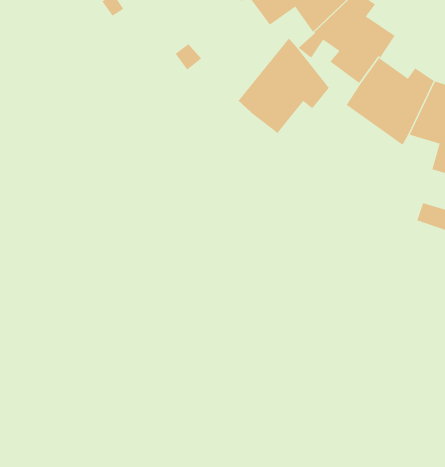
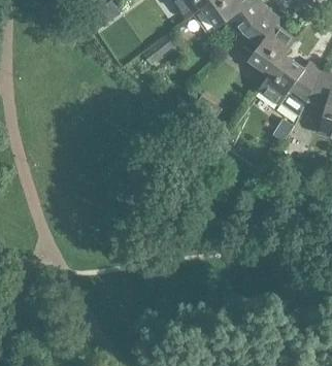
building: [238,38,330,134] -> none

